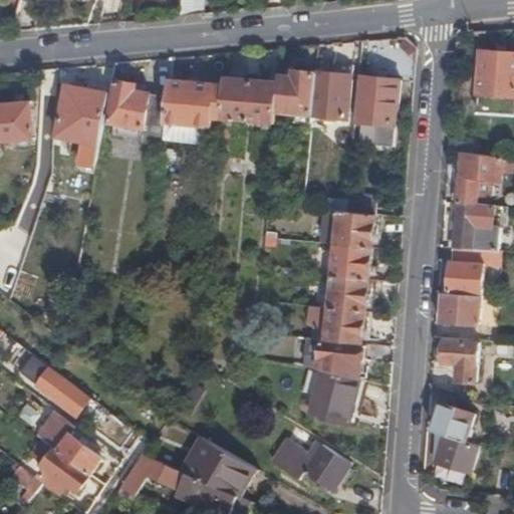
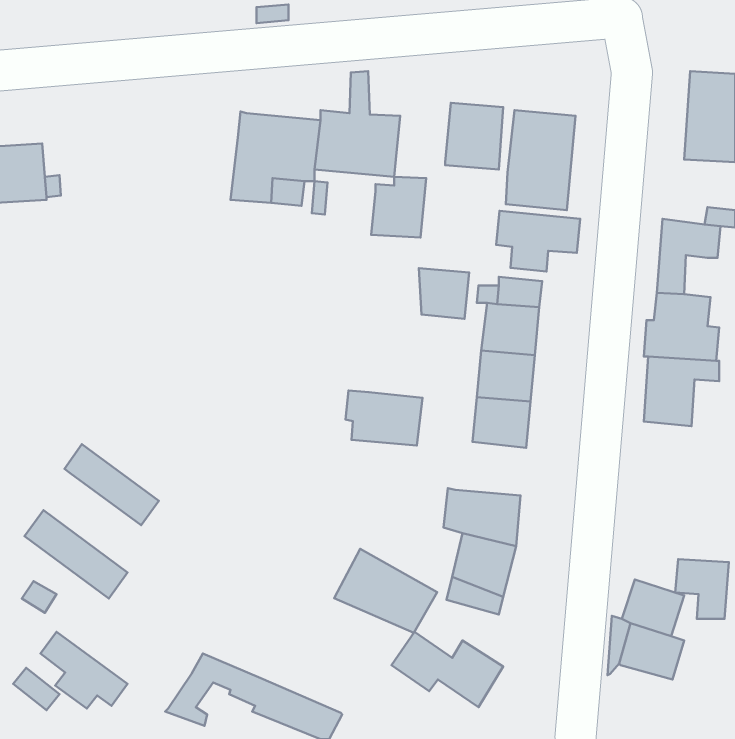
building: [274,70,312,112] -> [371,177,426,238]
building: [107,80,165,143] -> none
building: [55,84,107,165] -> none
building: none -> [496,211,580,272]
building: none -> [419,268,469,319]
building: [439,292,479,324] -> none
building: [311,305,364,343] -> [346,391,422,446]
building: [440,339,477,380] -> [675,559,729,619]
building: [35,418,100,474] -> [64,444,159,525]
building: [181,436,252,494] -> [334,549,437,633]

